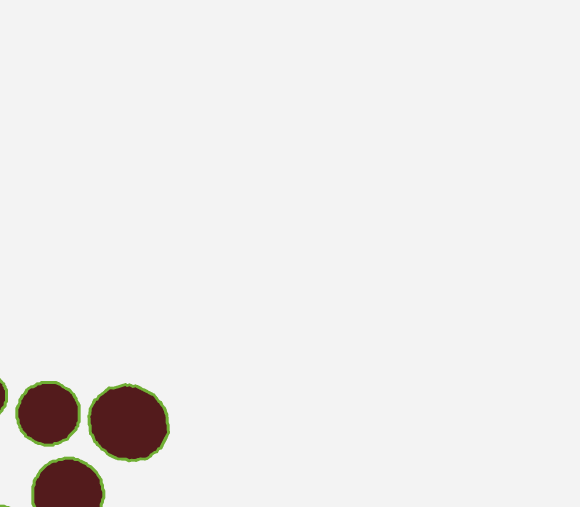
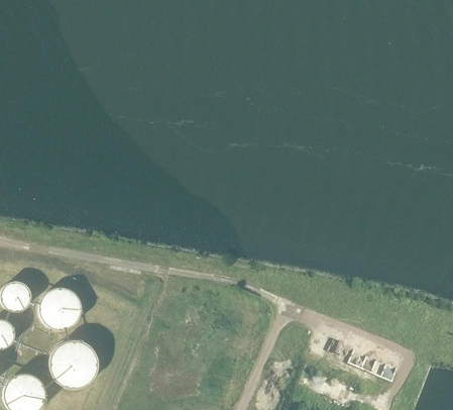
building: [89,385,168,461] -> none

